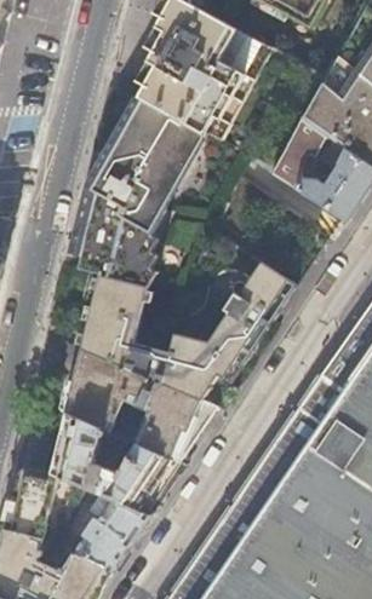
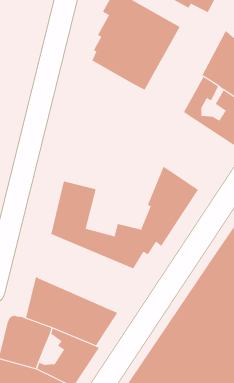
building: [73,96,198,284] -> none
building: [65,349,217,462] -> none

